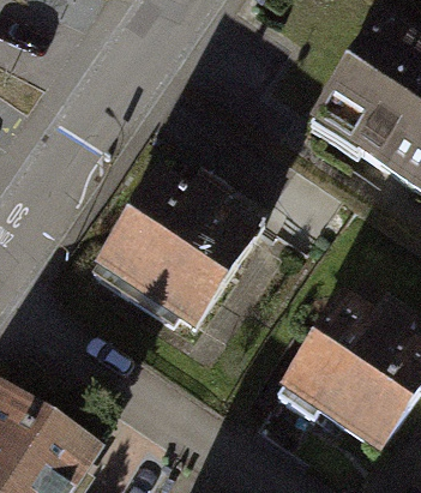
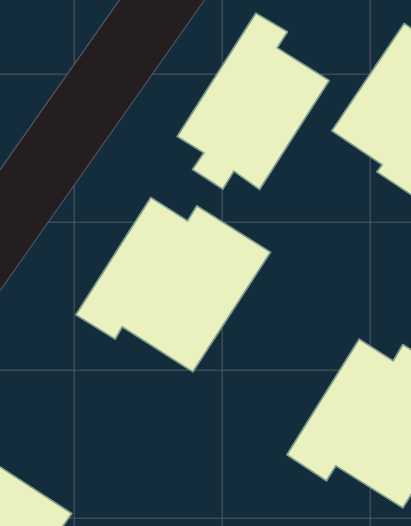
building: none -> [177,13,329,189]

